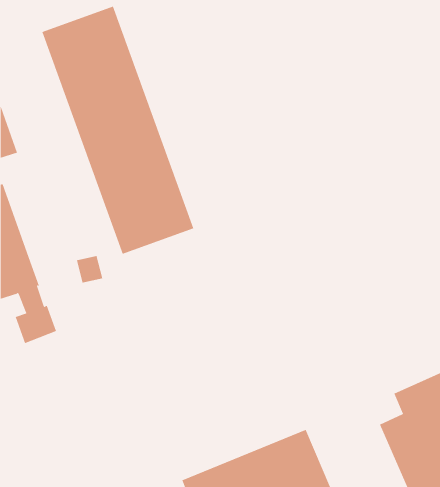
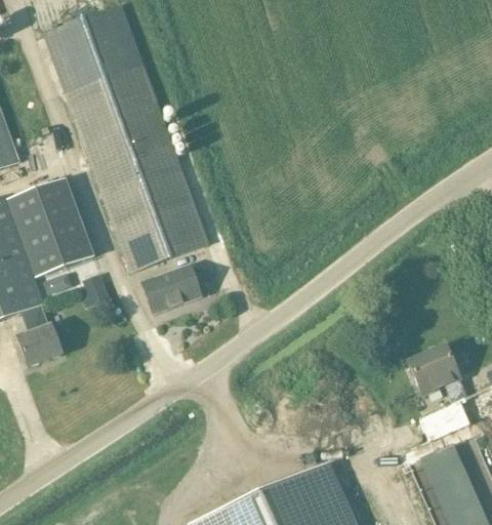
building: none -> [6,181,94,281]
building: none -> [141,267,201,315]
building: none -> [409,349,466,406]

